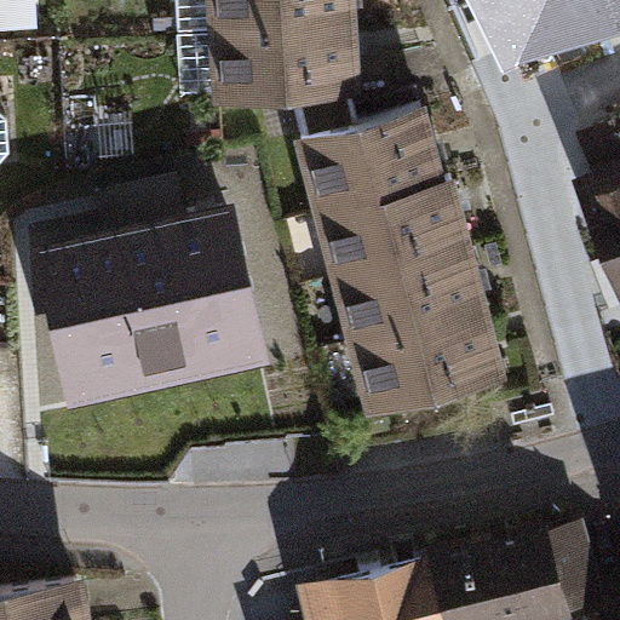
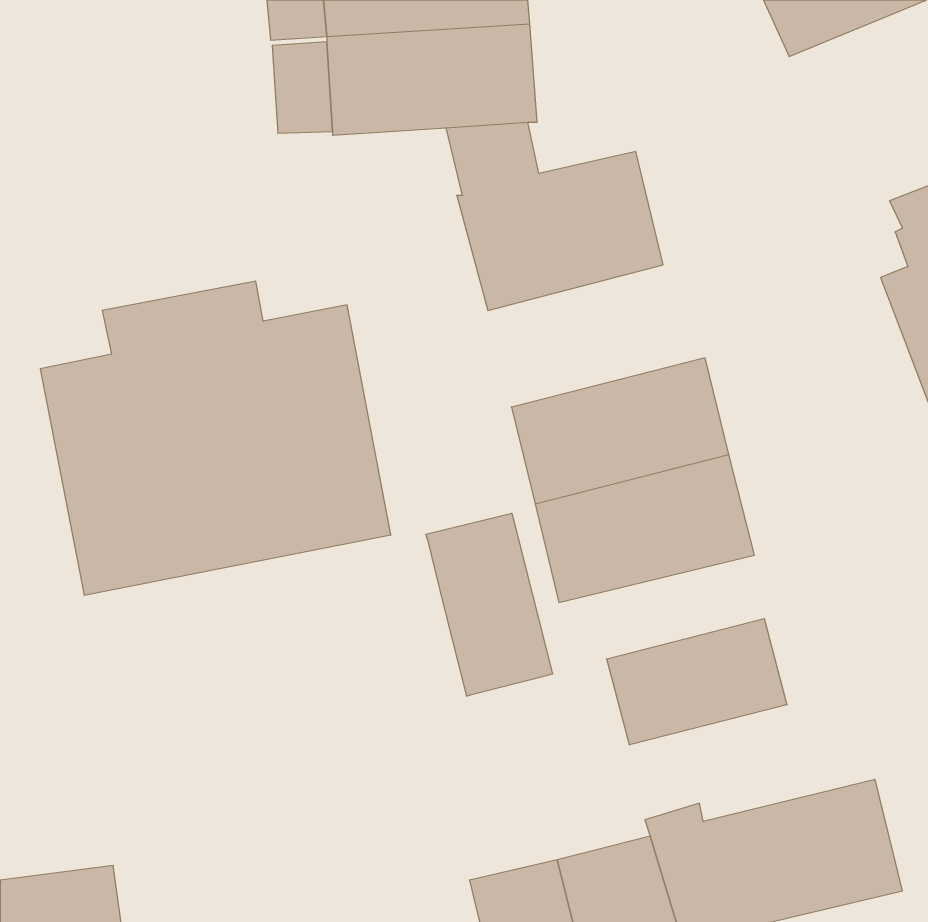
building: [327,179,471,277] -> none
building: none -> [426,513,553,696]
building: none -> [607,619,787,745]

